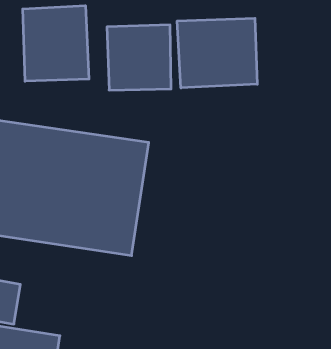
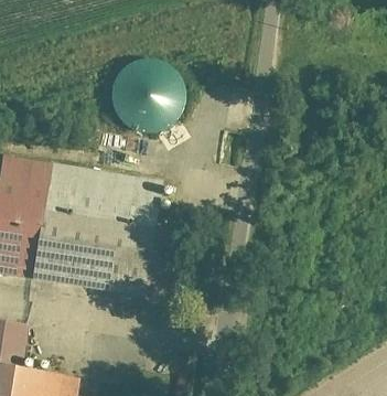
building: [23,6,89,81] -> none
building: [177,18,257,88] -> none

